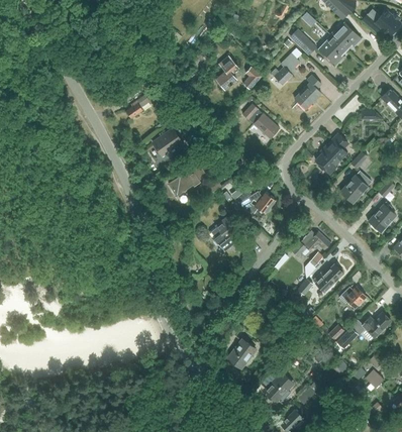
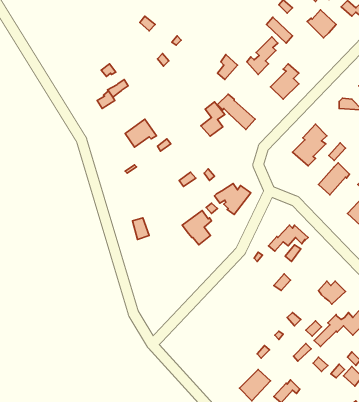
building: [318,33,345,63] -> none
building: [215,56,238,89] -> [201,102,225,136]
building: [168,164,205,195] -> none
building: [313,263,343,292] -> none
building: [228,339,256,368] -> none

